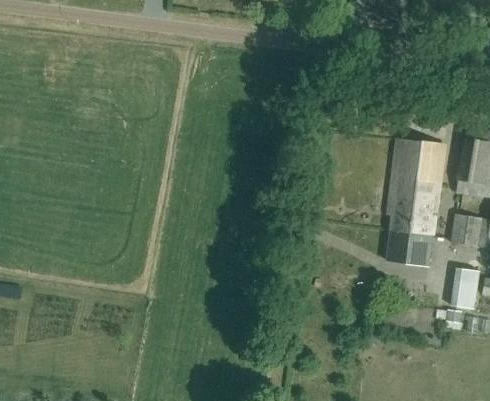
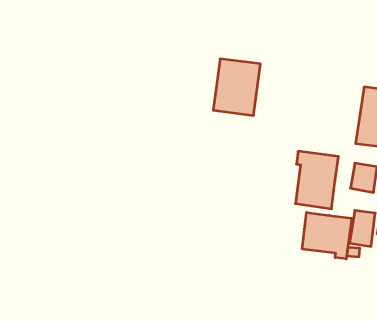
building: [389,138,444,204] -> [213,59,260,115]
building: none -> [302,212,352,259]

